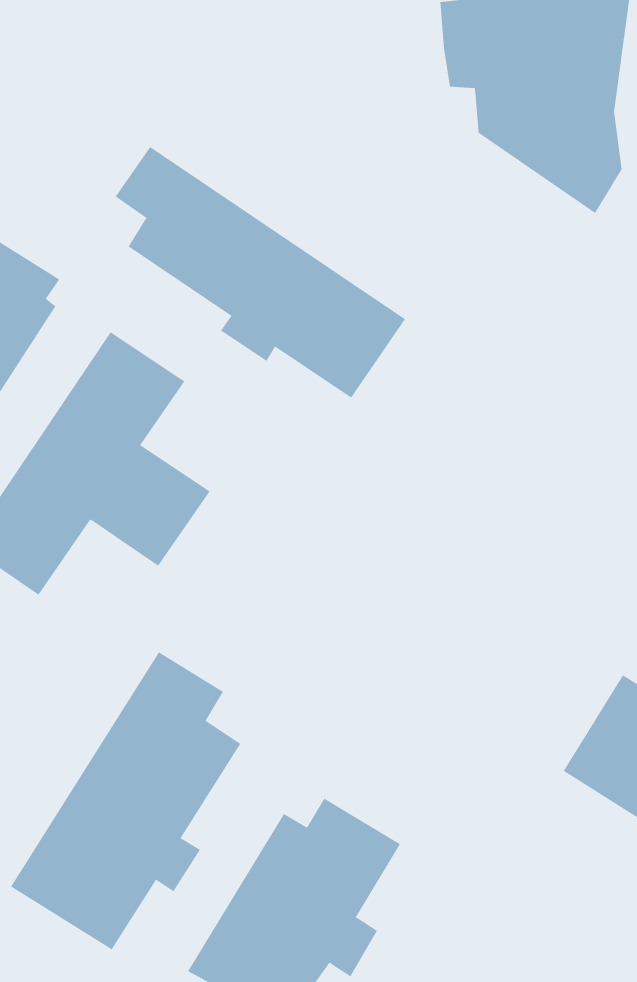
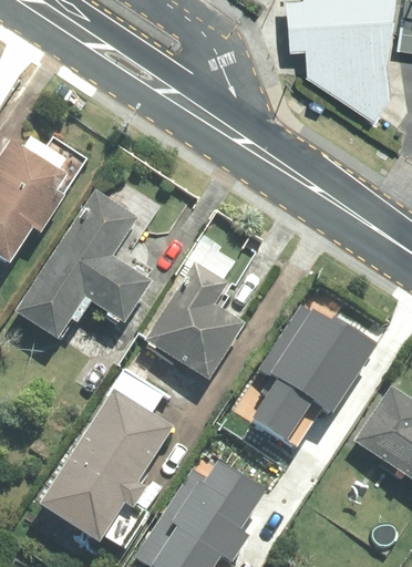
building: [115,146,406,399] -> none
building: none -> [144,261,243,380]
building: none -> [254,307,373,443]

